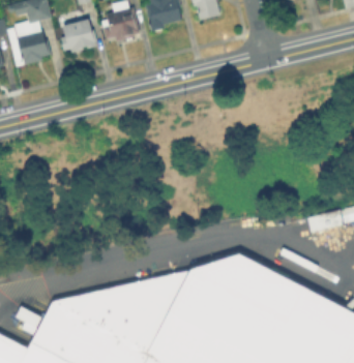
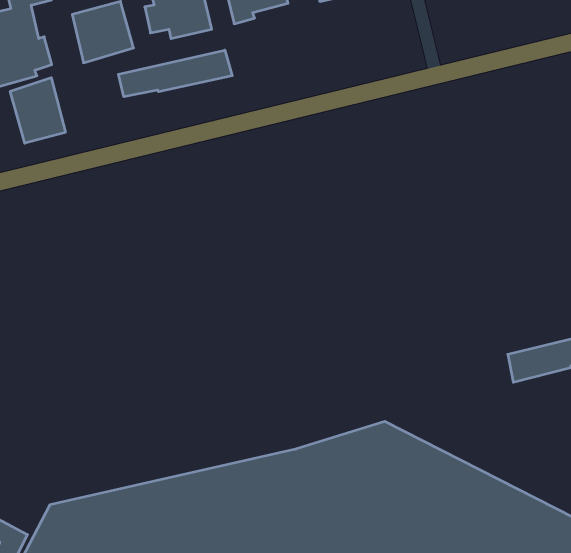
building: none -> [118,50,232,97]
building: none -> [10,78,65,143]

